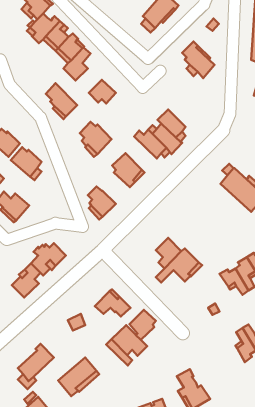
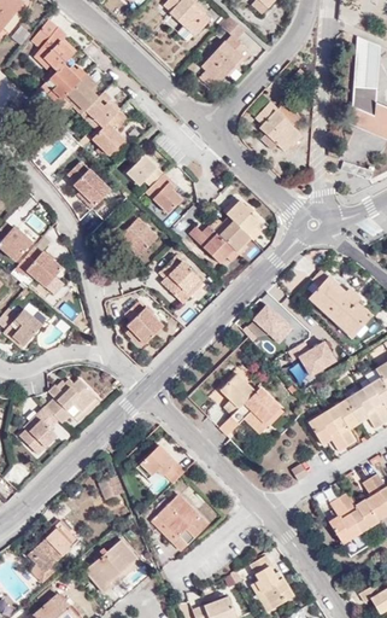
building: none -> [146,173,183,214]
building: none -> [251,304,292,344]
building: none -> [298,340,336,377]
building: [130,310,156,340] -> none

